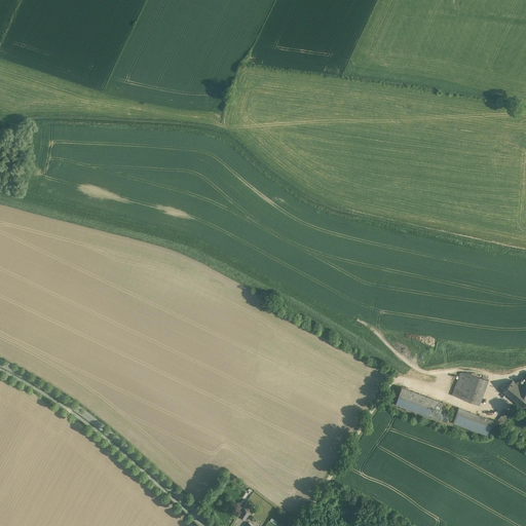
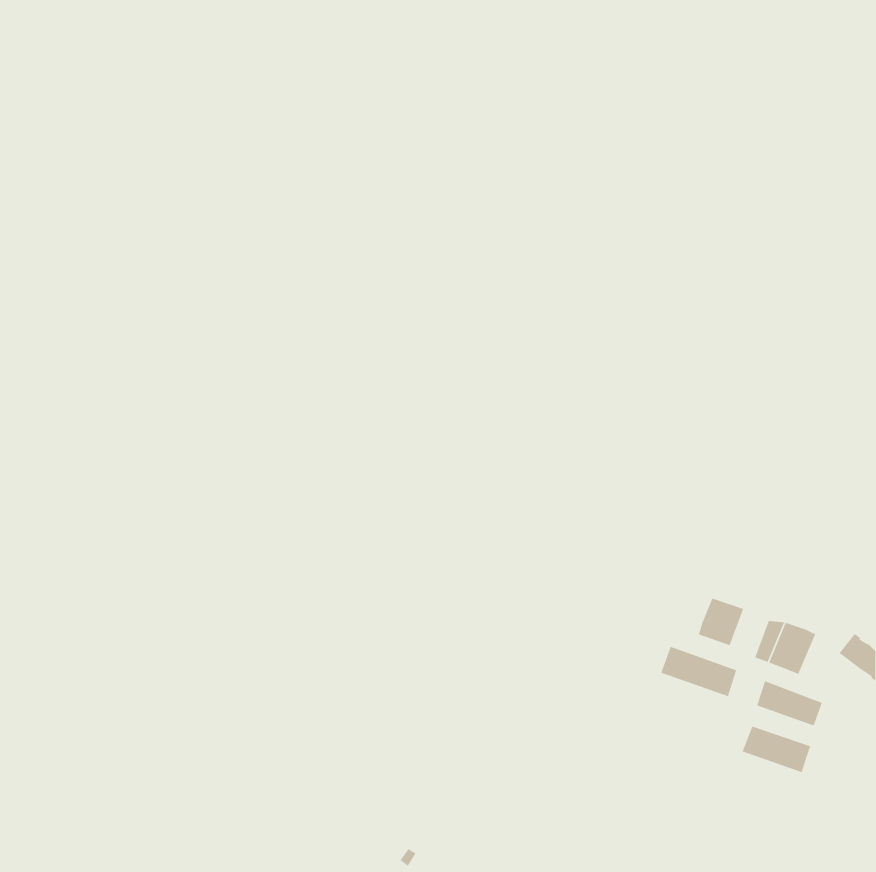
building: none -> [698,597,744,646]
building: none -> [742,726,811,773]

